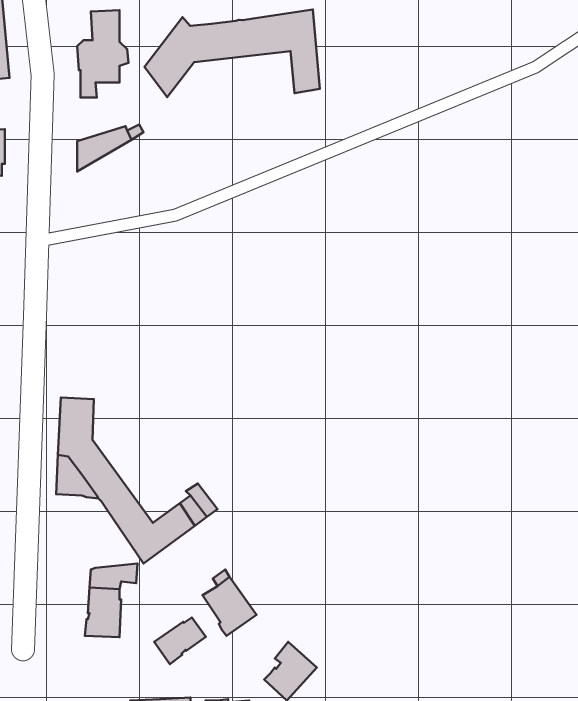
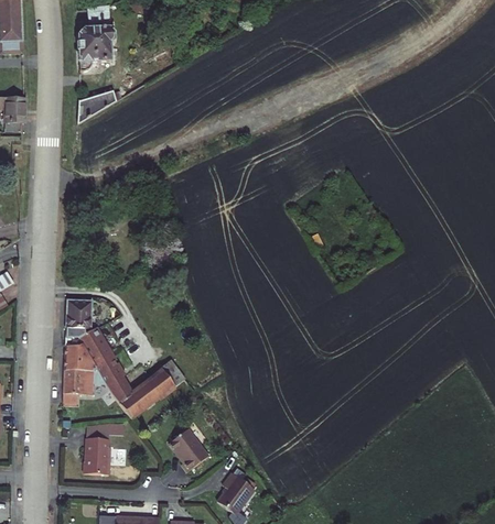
building: [145,9,320,97] -> none
building: none -> [61,364,99,397]
building: [154,617,206,664] -> none

